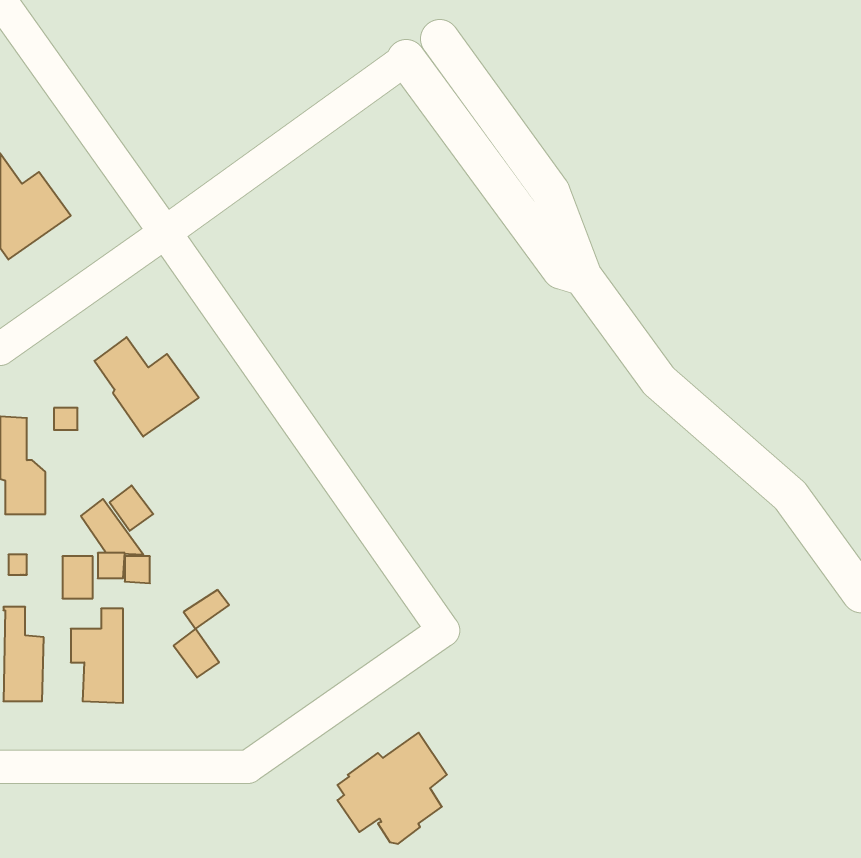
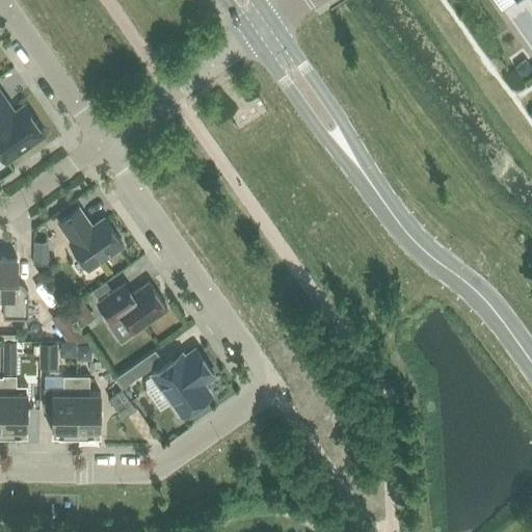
building: none -> [97,285,166,334]
building: none -> [76,377,100,435]
building: [337,733,447,844] -> [145,350,213,419]

